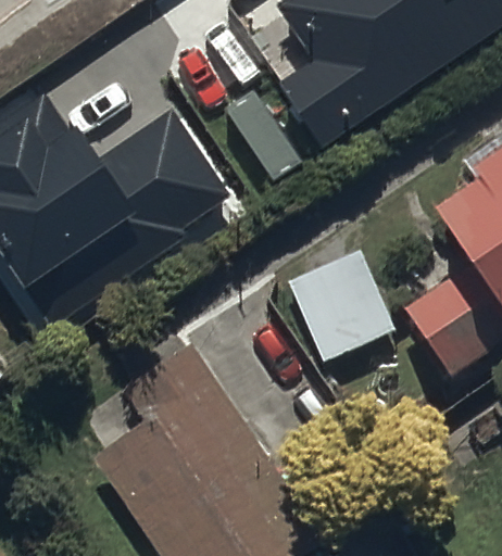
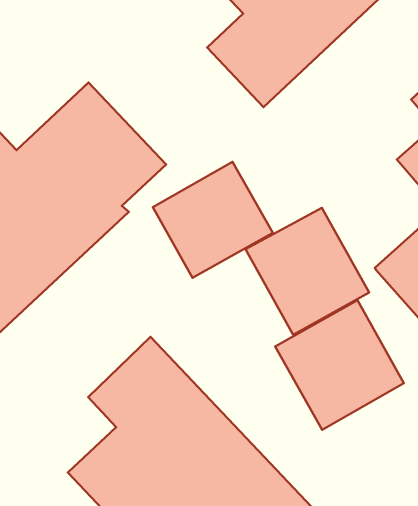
building: none -> [153,162,273,278]
building: none -> [275,300,404,430]

